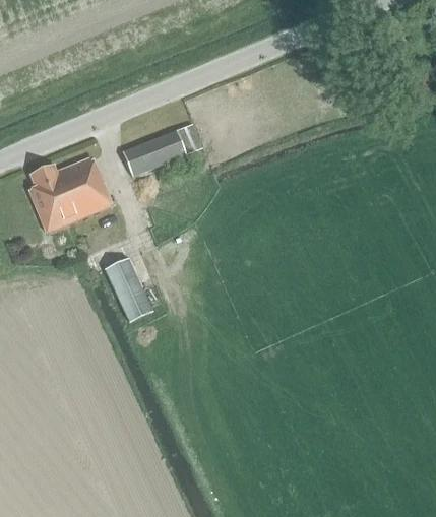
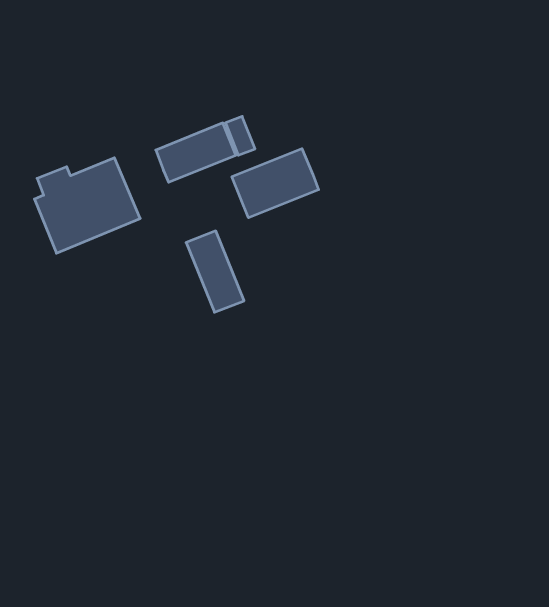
building: none -> [232,149,319,218]
building: [104,257,149,321] -> [186,231,244,312]

